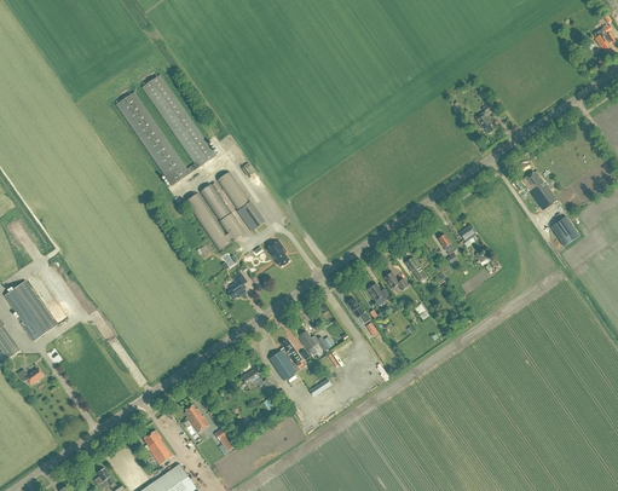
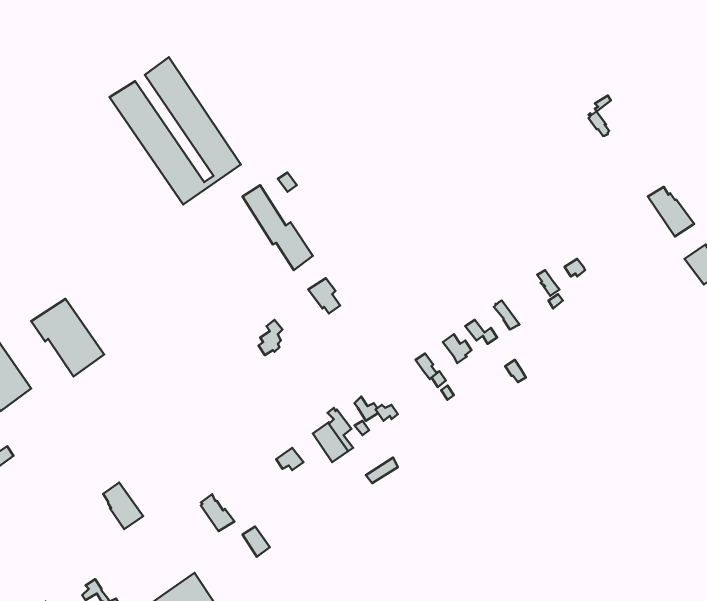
building: [184,183,244,250] -> none
building: none -> [31,299,104,376]
building: [143,429,173,464] -> [103,483,143,529]

